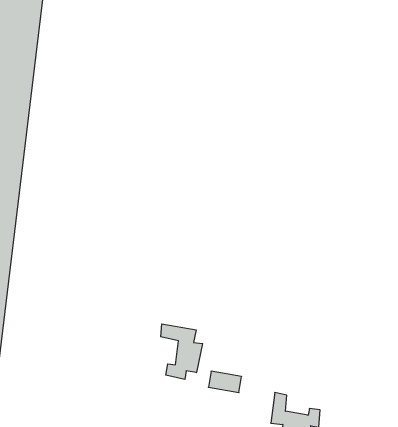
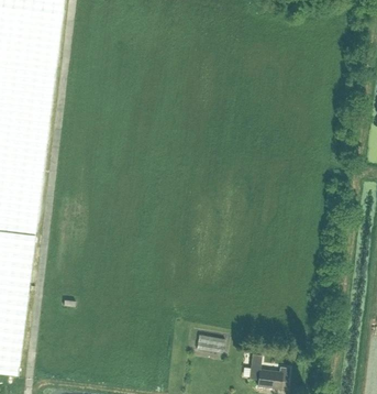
building: [161,324,203,379] -> none

